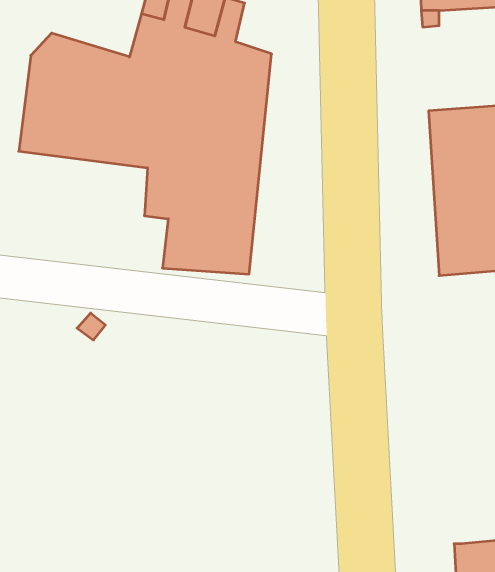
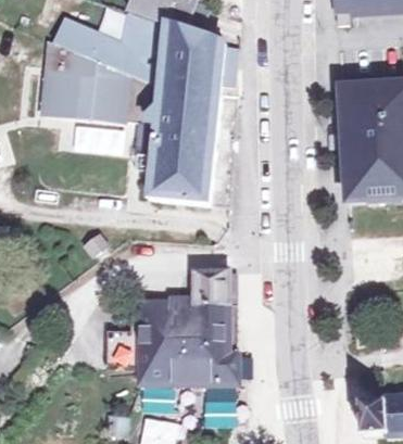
building: none -> [128,272,235,391]

